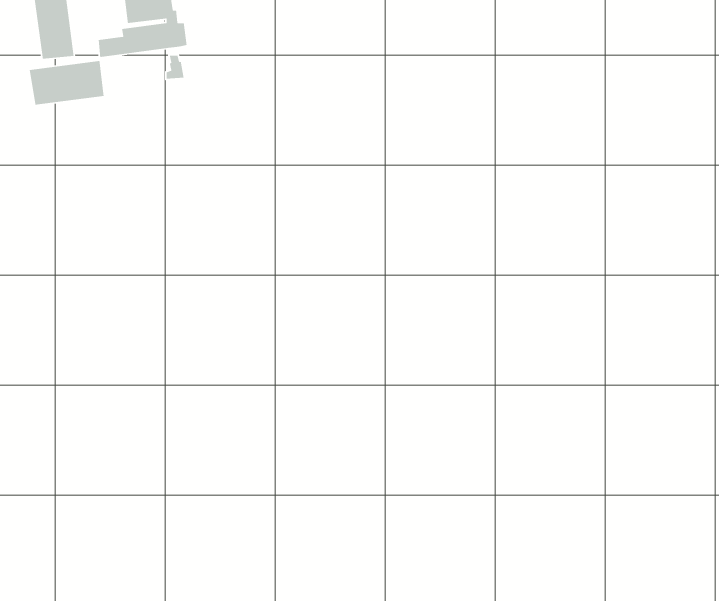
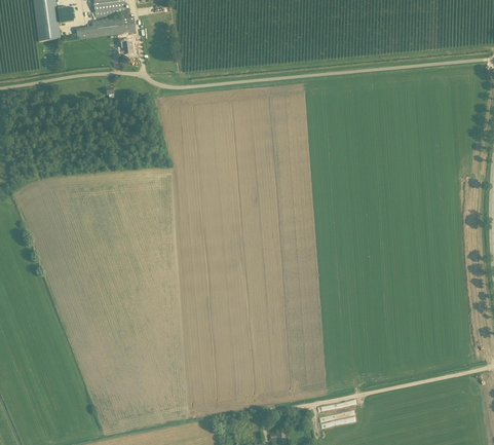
building: [29,60,105,106] -> none

